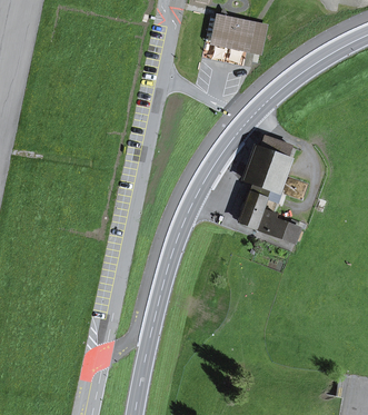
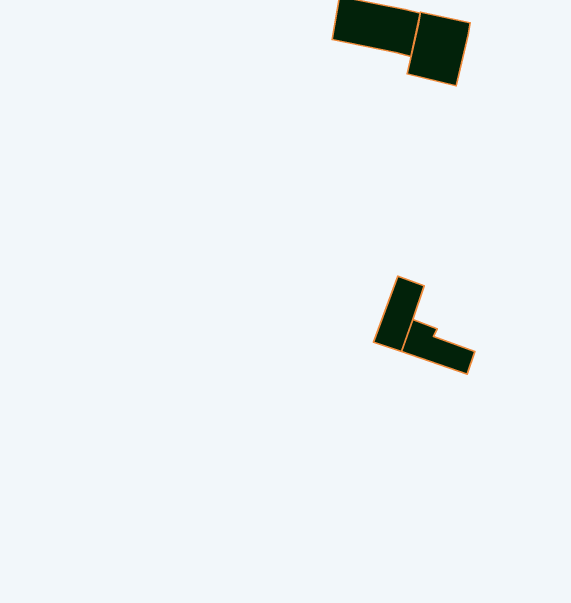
building: none -> [407,12,470,86]
building: [248,137,294,192] -> none

